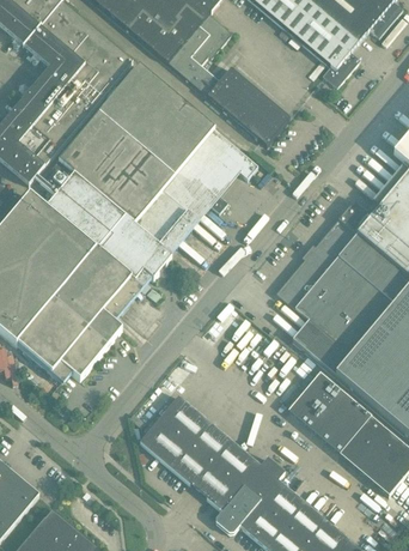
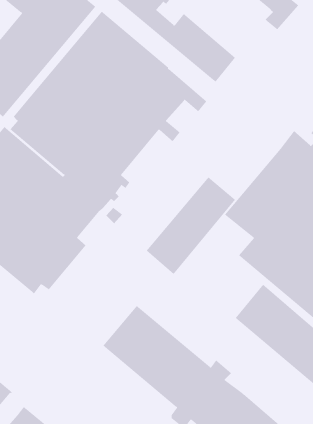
building: none -> [146,176,236,275]

